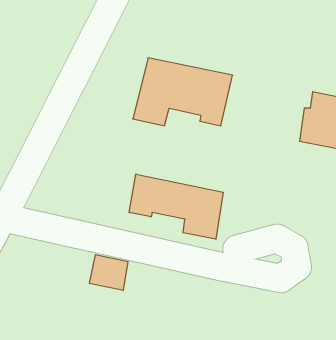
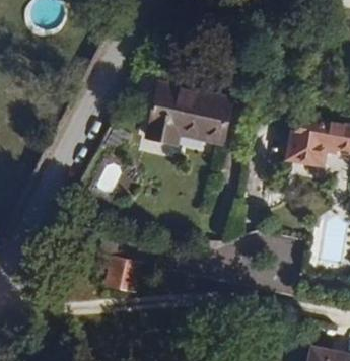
building: [129,174,223,239] -> none

